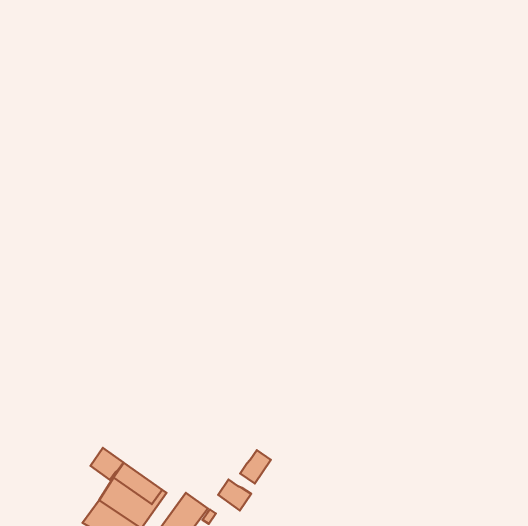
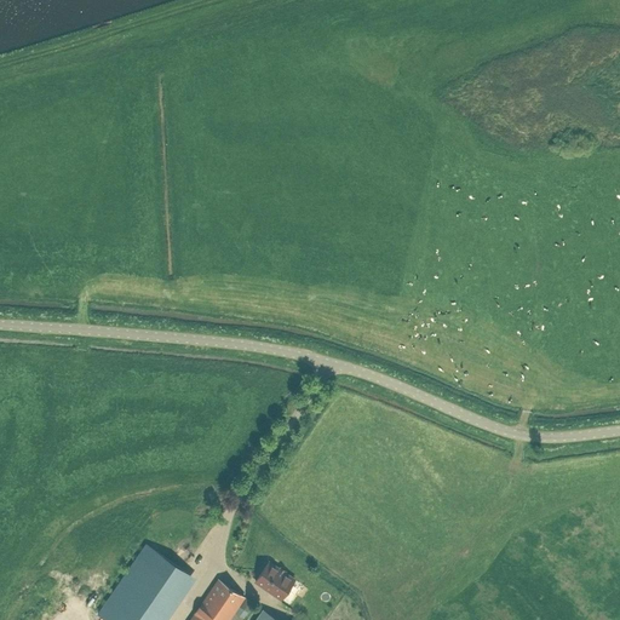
building: [91,448,124,480] -> none
building: [240,450,271,484] -> none

